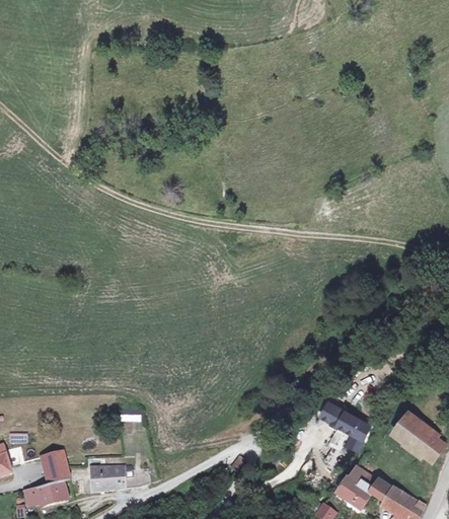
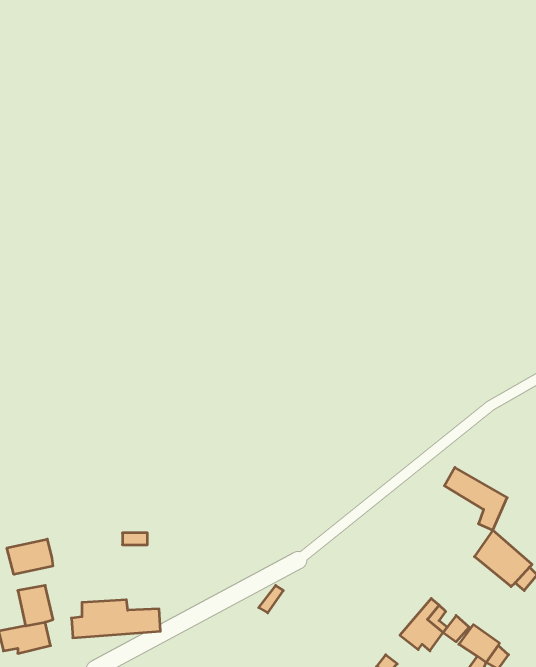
building: [321,400,370,449] -> [444,467,507,530]
building: none -> [7,539,53,574]

